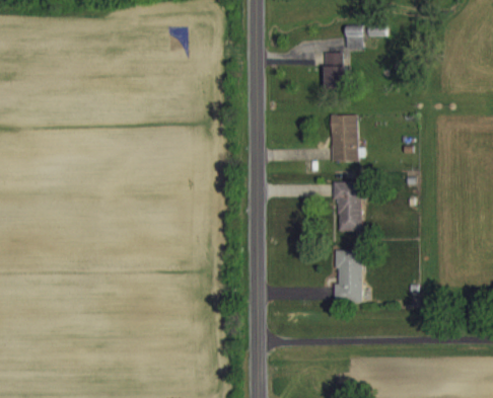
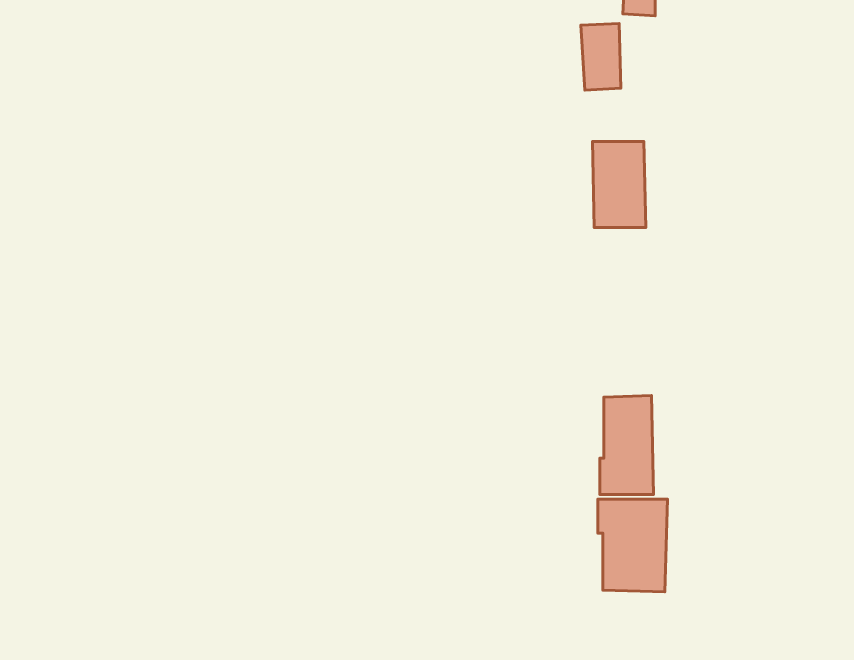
building: [333,182,361,231] -> none
building: none -> [598,499,667,592]

